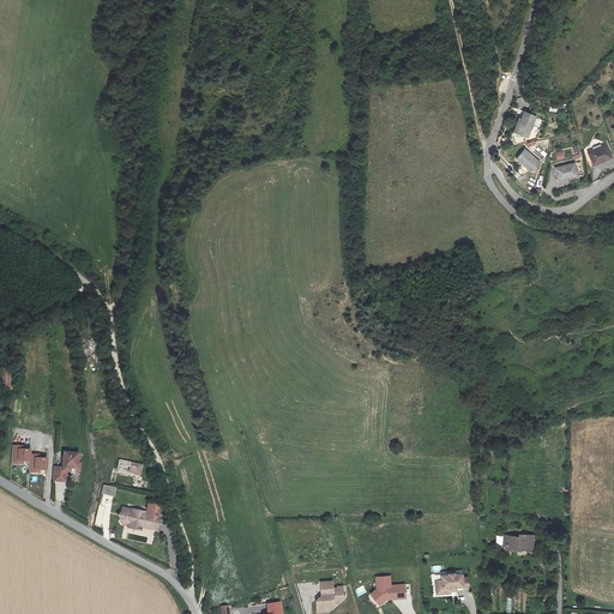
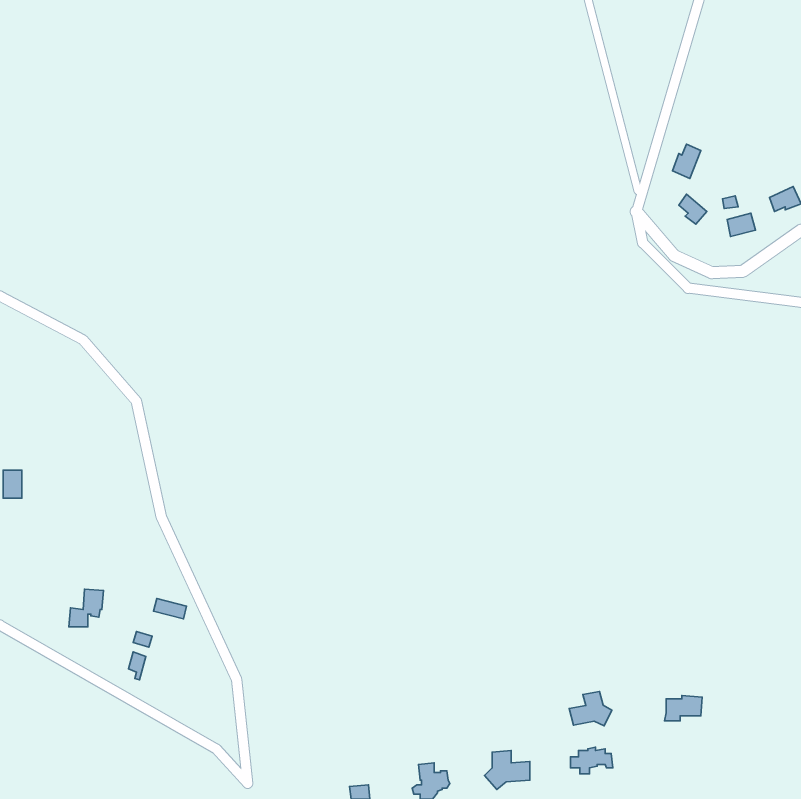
building: [12,444,48,471] -> none
building: [118,506,157,528] -> none
building: none -> [569,691,612,726]

